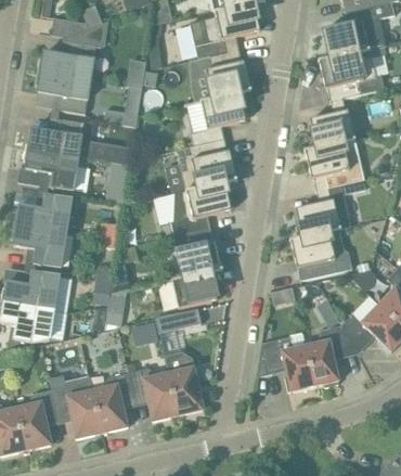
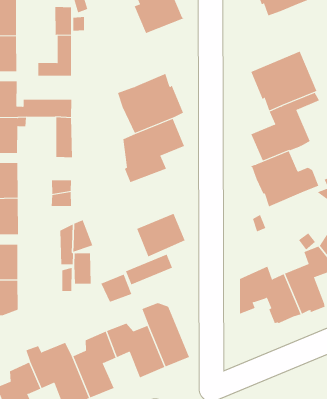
building: [190,90,250,146] -> none
building: [303,99,354,151] -> none
building: [171,229,222,281] -> none

